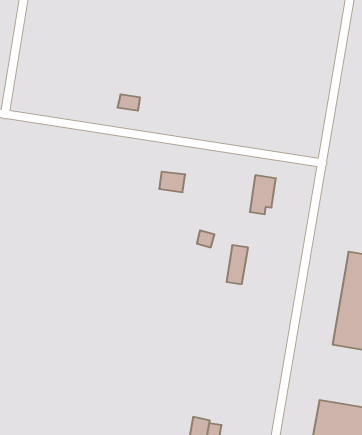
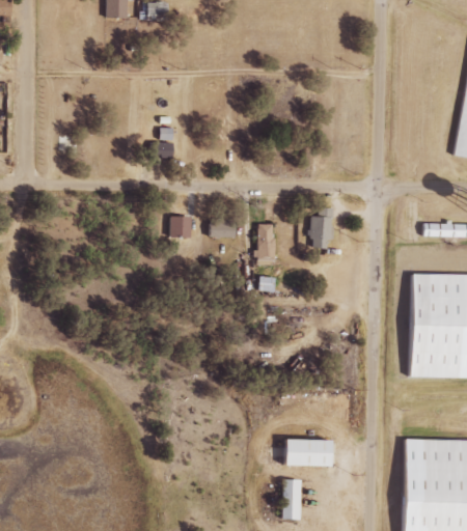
building: none -> [164,215,186,236]
building: [227,245,248,284] -> [252,223,270,263]
building: none -> [292,439,337,468]

